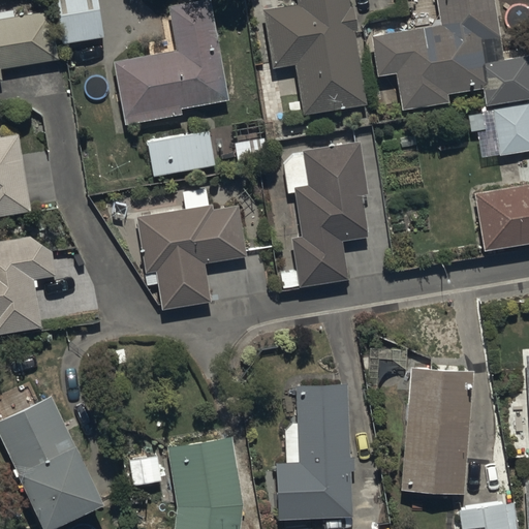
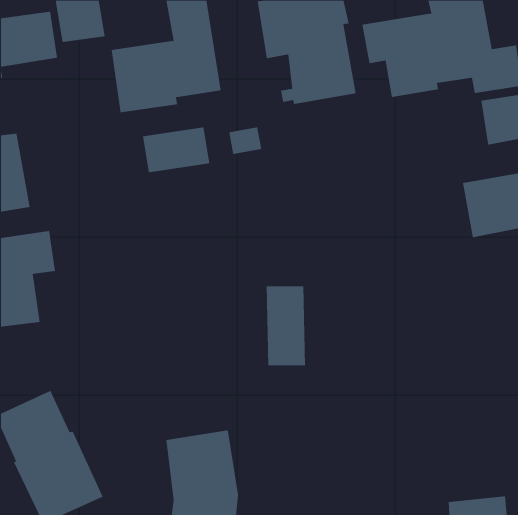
building: [281,137,368,286] -> none
building: [137,193,247,312] -> none
building: none -> [266,286,305,366]
building: [401,369,473,500] -> none
building: [273,387,352,519] -> none

